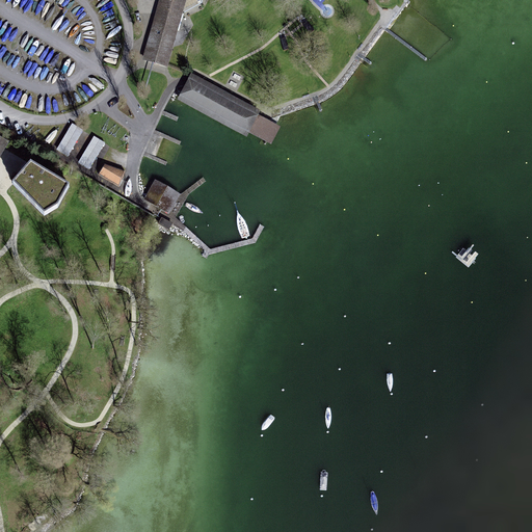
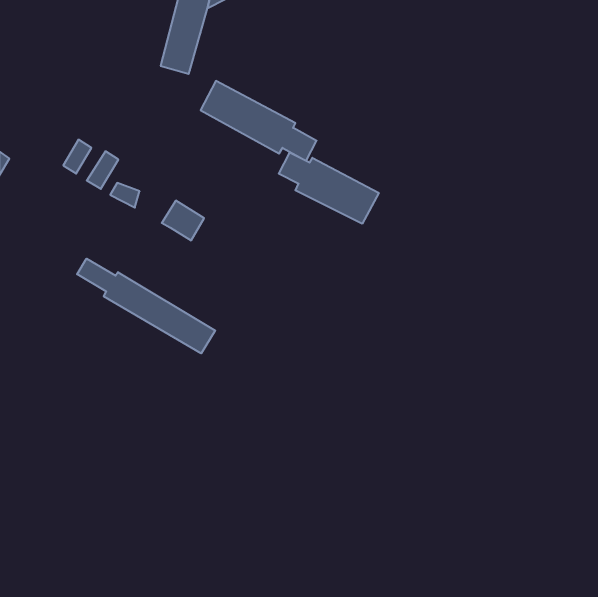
building: none -> [279,153,379,224]
building: [14,162,66,214] -> none
building: none -> [77,259,215,353]

